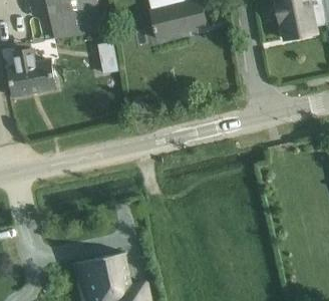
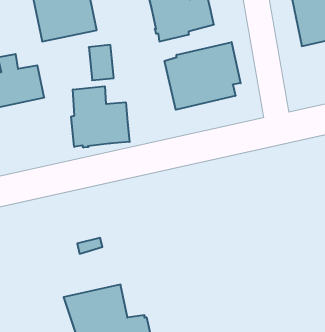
building: none -> [165,42,241,110]
building: none -> [71,86,130,148]

